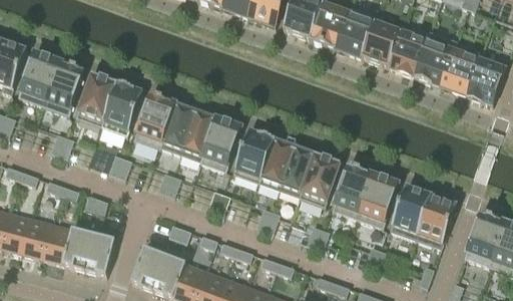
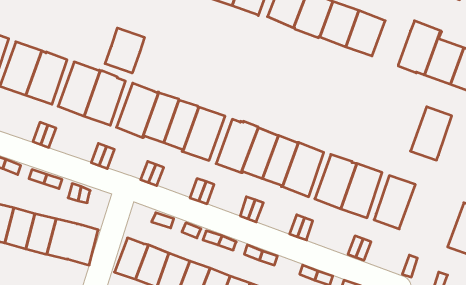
building: [387,31,425,75] -> none
building: none -> [105,28,144,73]
building: [414,195,455,248] -> [410,107,452,160]

